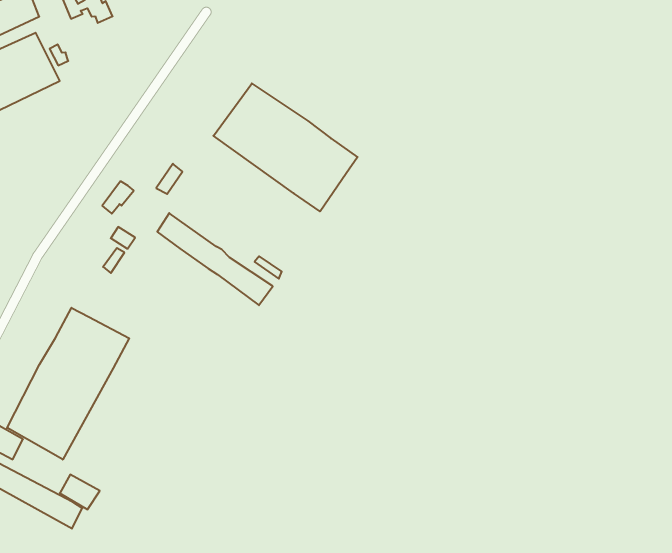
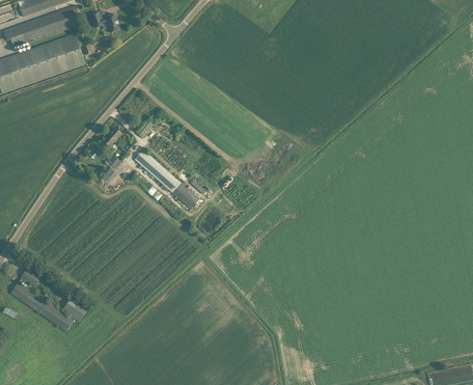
building: [213,83,358,211] -> none
building: [7,308,129,460] -> none

